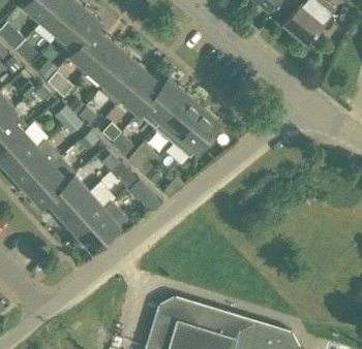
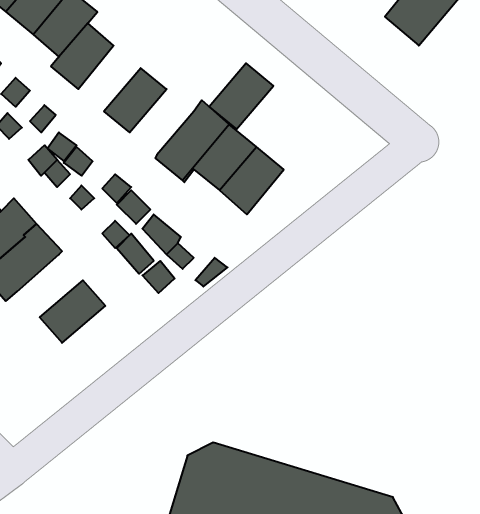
building: [87,42,127,85] -> none
building: [120,70,161,113] -> [209,63,273,129]
building: [48,177,90,217] -> none
building: [77,210,120,250] -> none

